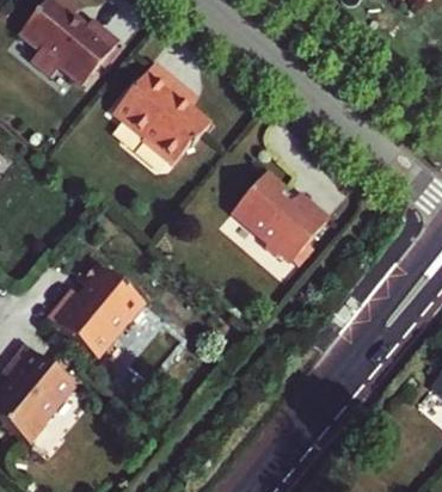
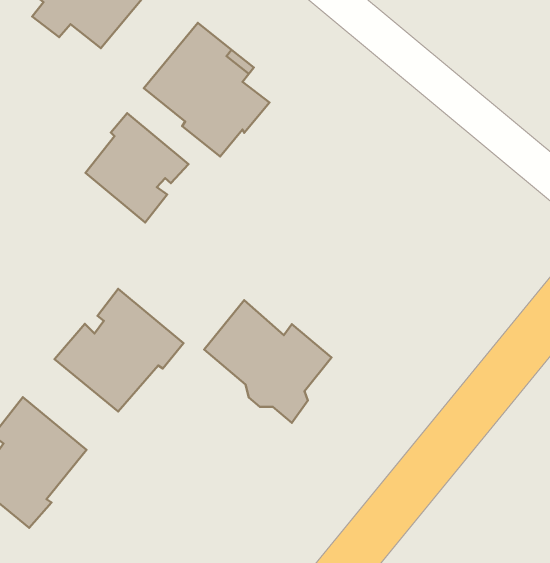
building: none -> [86,113,188,222]
building: [235,174,331,266] -> [204,300,332,423]

